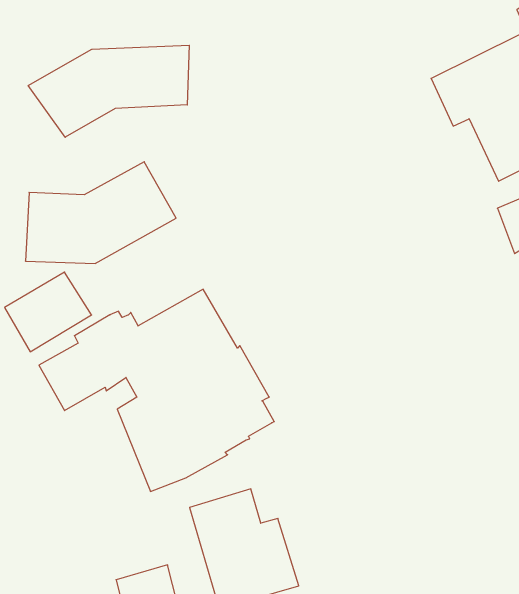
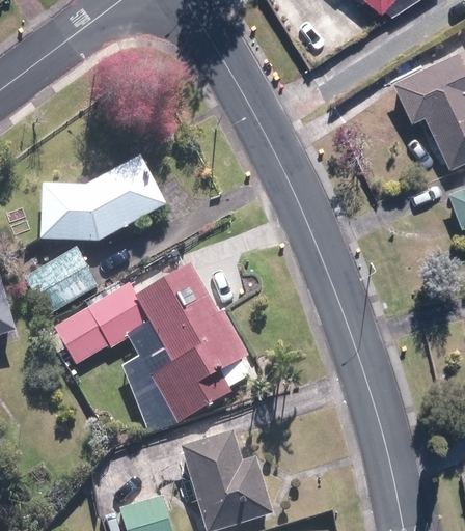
building: [28,45,189,137] -> none

